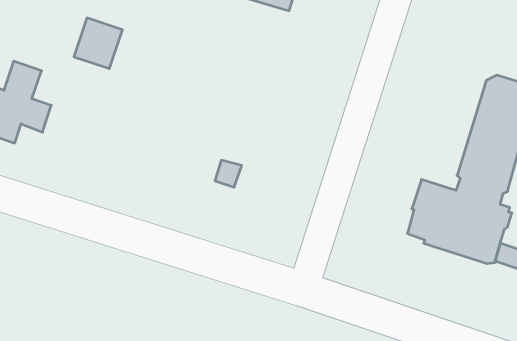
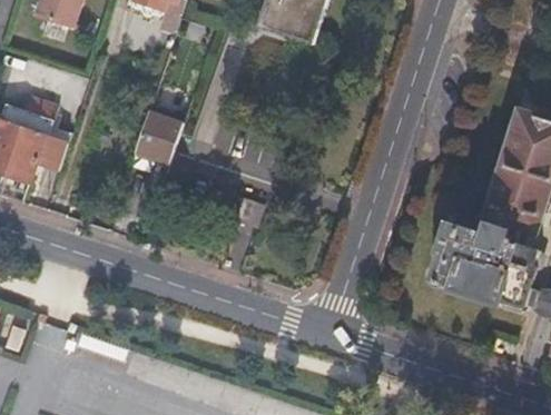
building: [74,18,122,69] -> [135,109,185,161]

